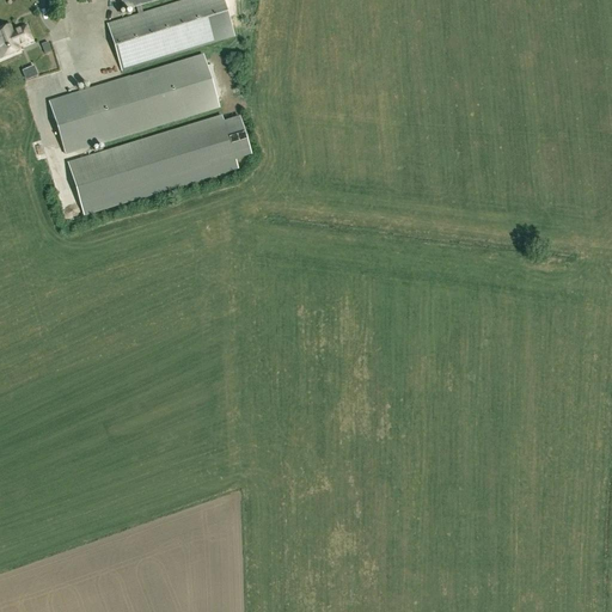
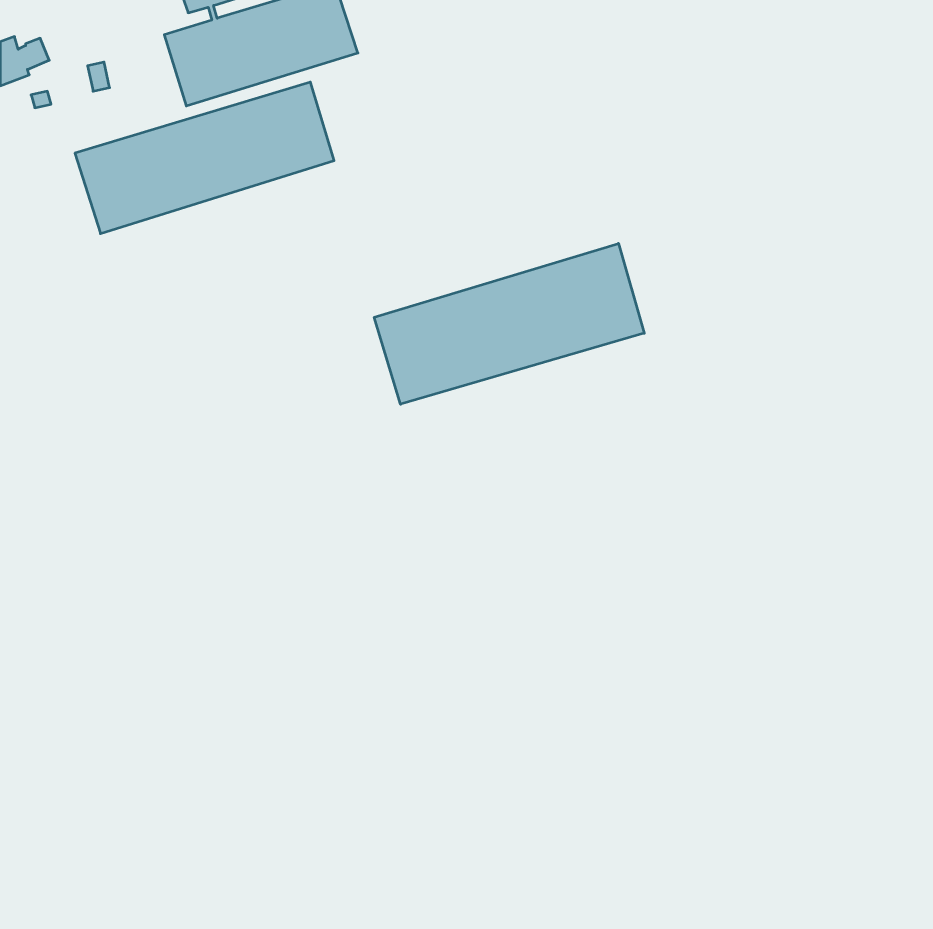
building: [68,115,251,214] -> none
building: none -> [374,243,644,404]

